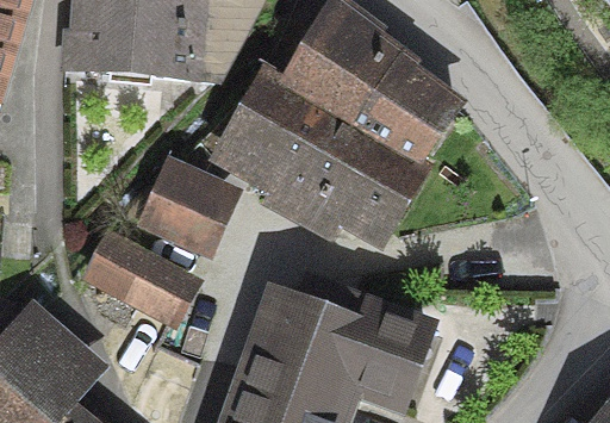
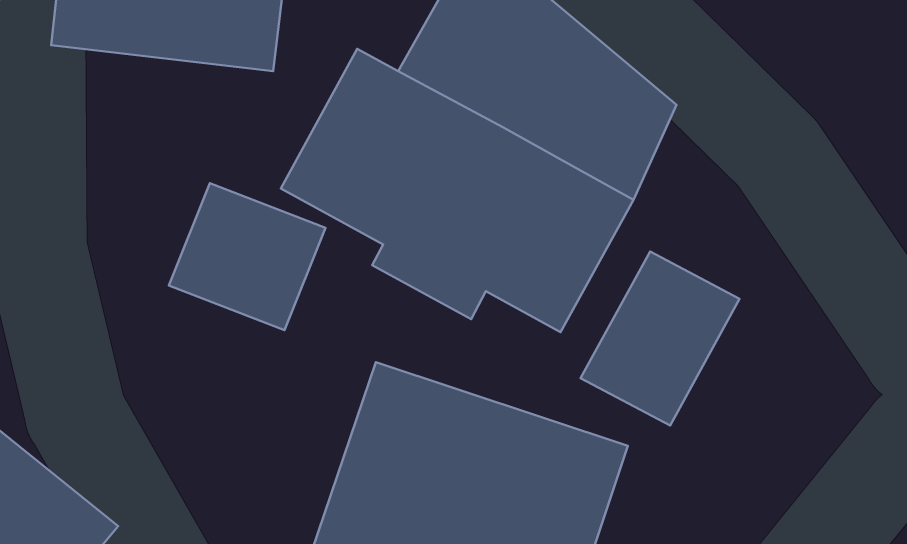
building: none -> [581,252,740,426]
building: [76,220,197,355] -> none

